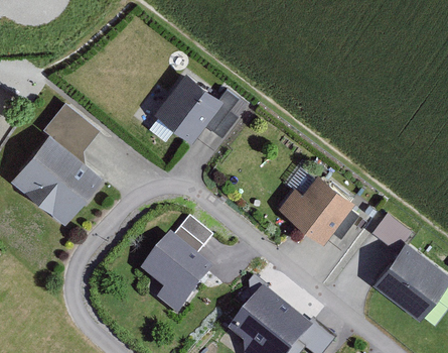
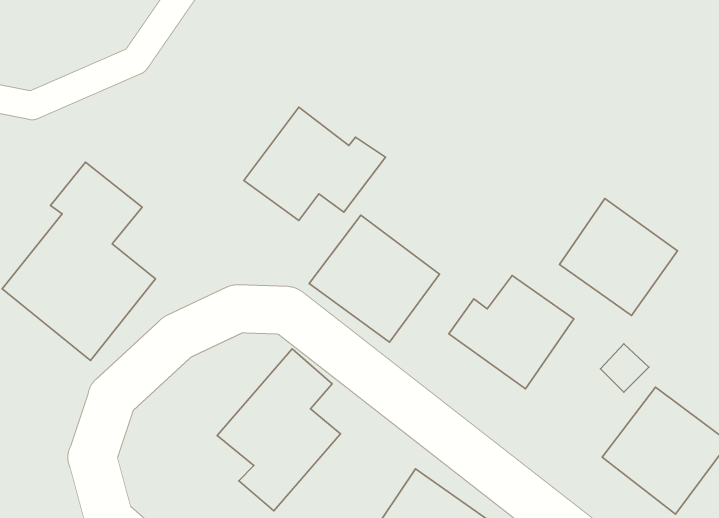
building: none -> [559,199,678,315]
building: none -> [309,215,439,342]

